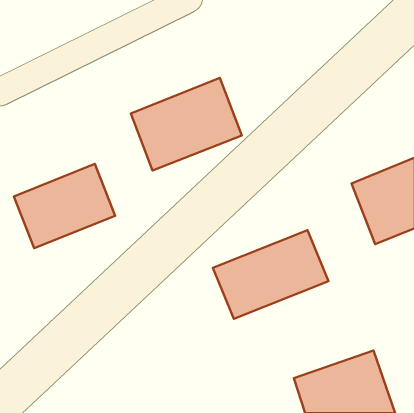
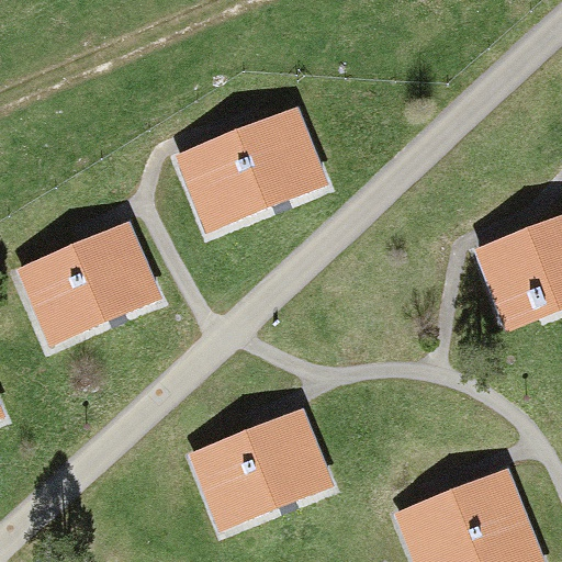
building: [213,230,328,319] -> none
building: none -> [184,422,322,536]

